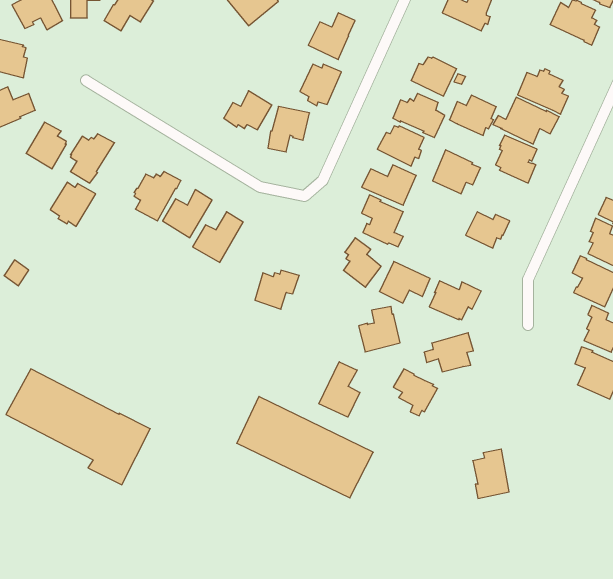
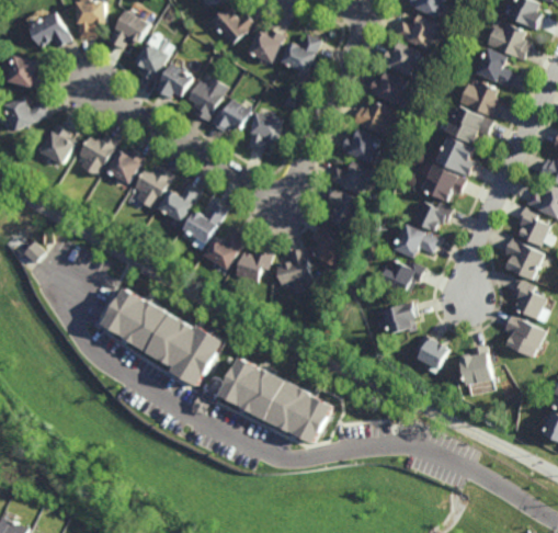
building: none -> [133,42,168,82]
building: none -> [474,47,513,89]
building: none -> [155,63,192,99]
building: none -> [186,77,226,122]
building: [300,64,341,106] -> [248,29,283,64]
building: [449,95,496,135] -> [379,42,419,76]
building: [433,150,481,194] -> [423,165,464,202]
building: [50,182,96,226] -> [105,148,144,185]
building: none -> [203,230,246,271]
building: [379,261,430,303] -> [395,225,437,260]
building: [359,306,400,352] -> [275,249,310,287]
building: [319,362,360,417] -> none
building: [393,369,438,416] -> [415,336,453,375]
building: [6,369,150,485] -> [102,290,224,387]
building: [473,449,509,498] -> [462,347,492,388]

